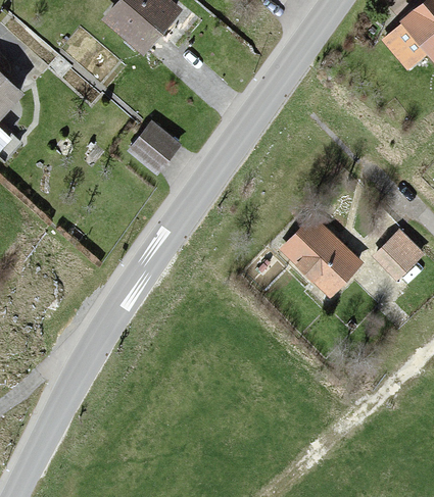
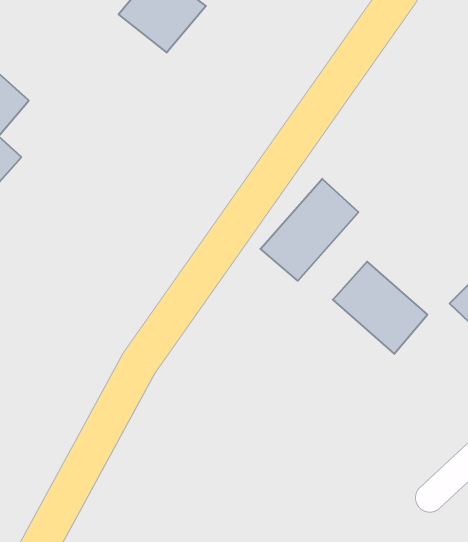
building: [126,127,176,177] -> none
building: none -> [260,179,358,281]

